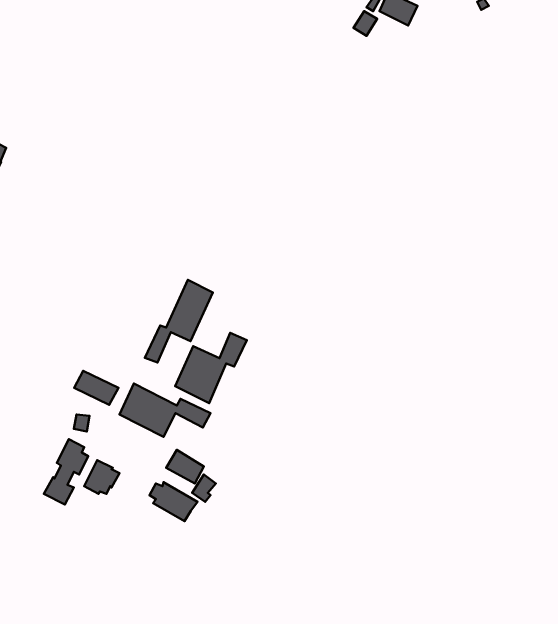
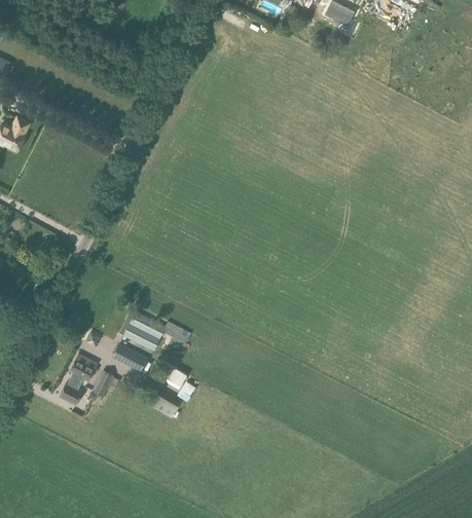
building: [145,280,213,363] -> none
building: [175,333,247,403] -> none
building: [74,371,118,405] -> [112,344,147,371]

